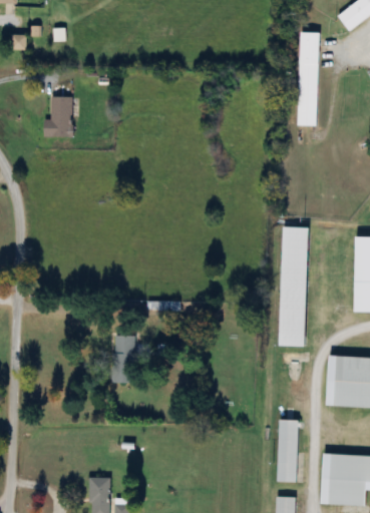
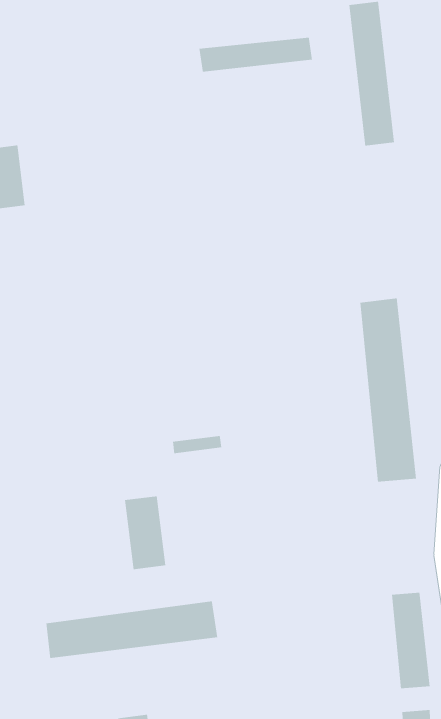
building: none -> [199,37,312,73]
building: none -> [46,600,218,659]

